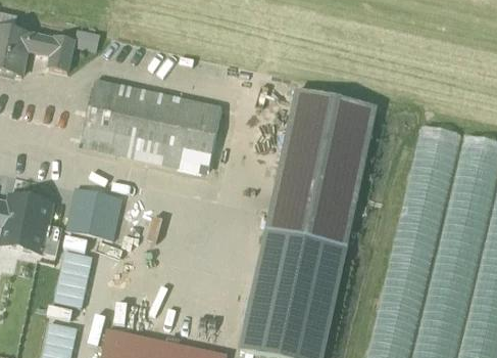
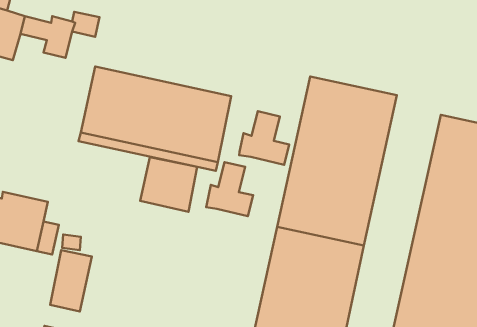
building: none -> [239,111,289,165]
building: none -> [206,162,253,216]
building: [68,188,121,239] -> [140,157,197,212]

